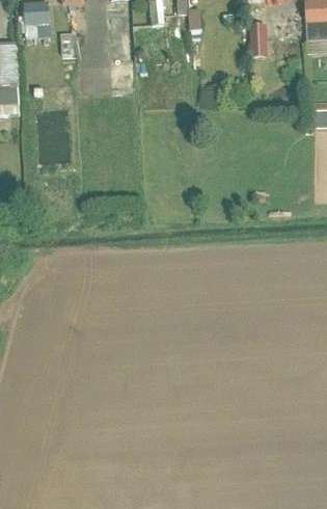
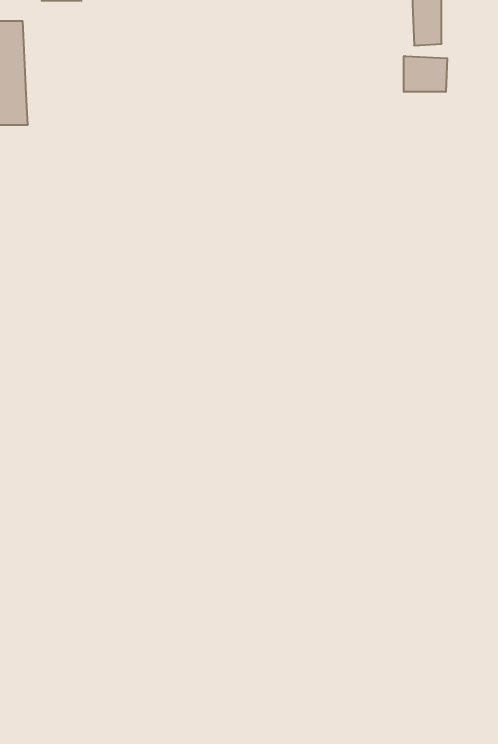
building: none -> [404,56,447,92]

